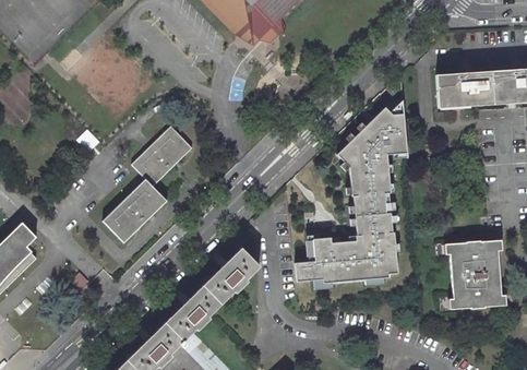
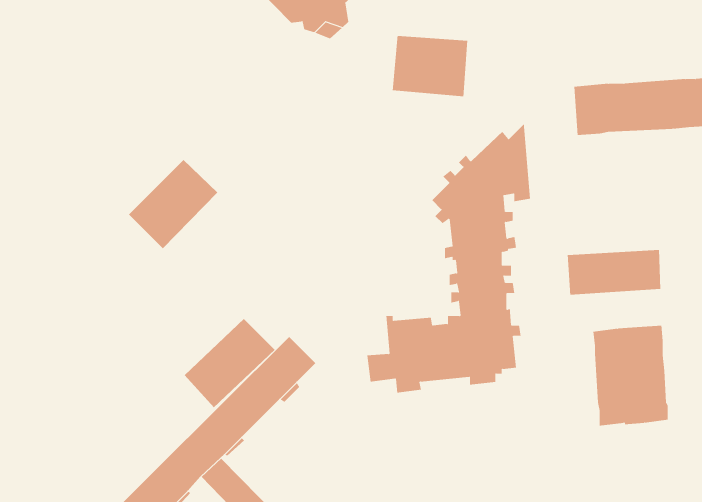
building: none -> [392,35,468,97]
building: [99,180,163,242] -> [184,318,276,408]
building: none -> [567,249,661,295]

